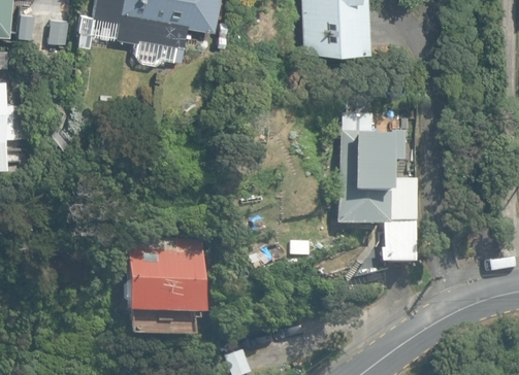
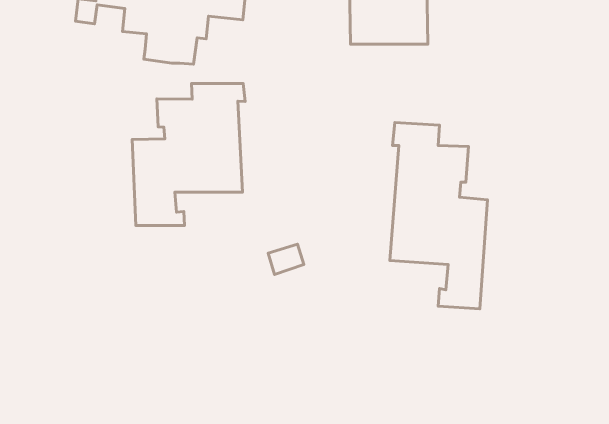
building: none -> [132,83,245,226]
building: [127,237,216,315] -> none

